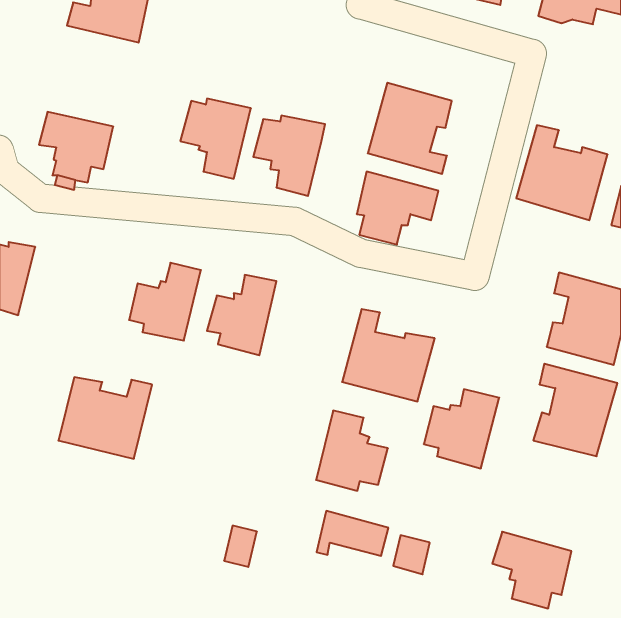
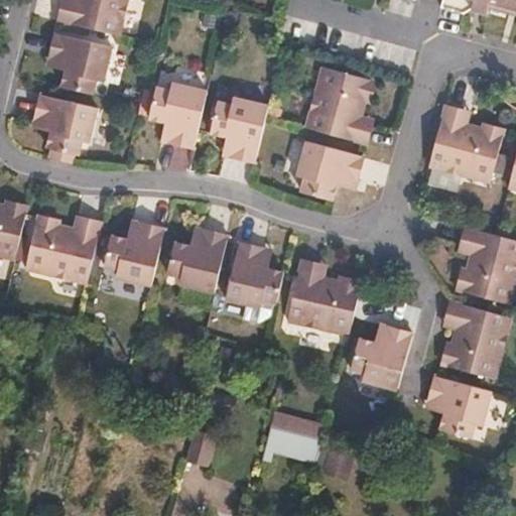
building: none -> [46,33,109,92]
building: [58,377,152,459] -> [25,214,103,281]
building: [316,411,388,491] -> [225,239,284,305]
building: [492,532,571,608] -> [425,375,491,438]

